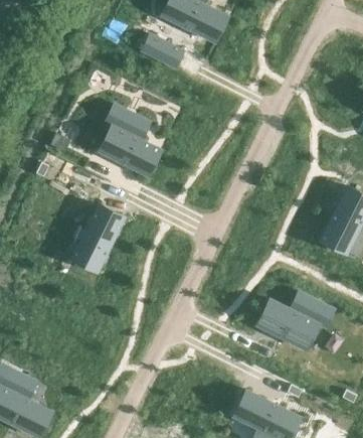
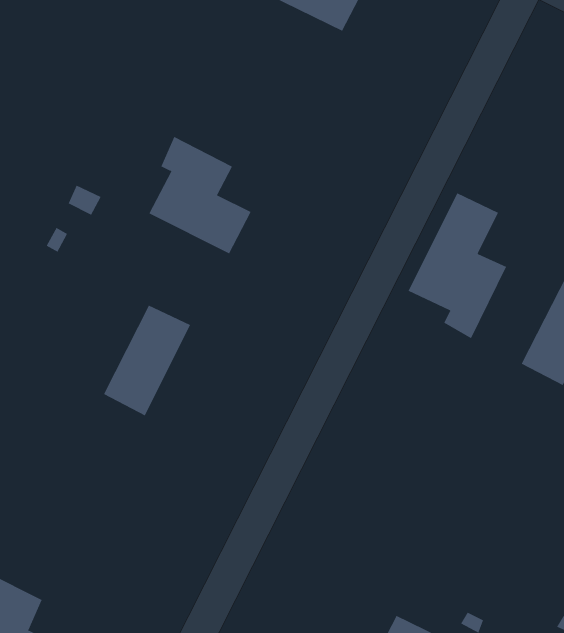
building: [142,35,182,67] -> none
building: none -> [408,193,507,339]
building: [256,292,333,349] -> none

